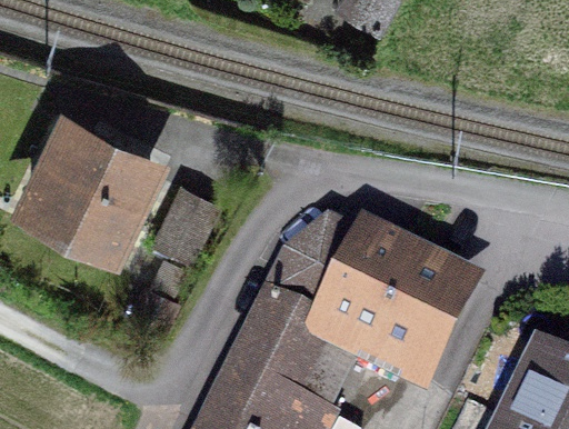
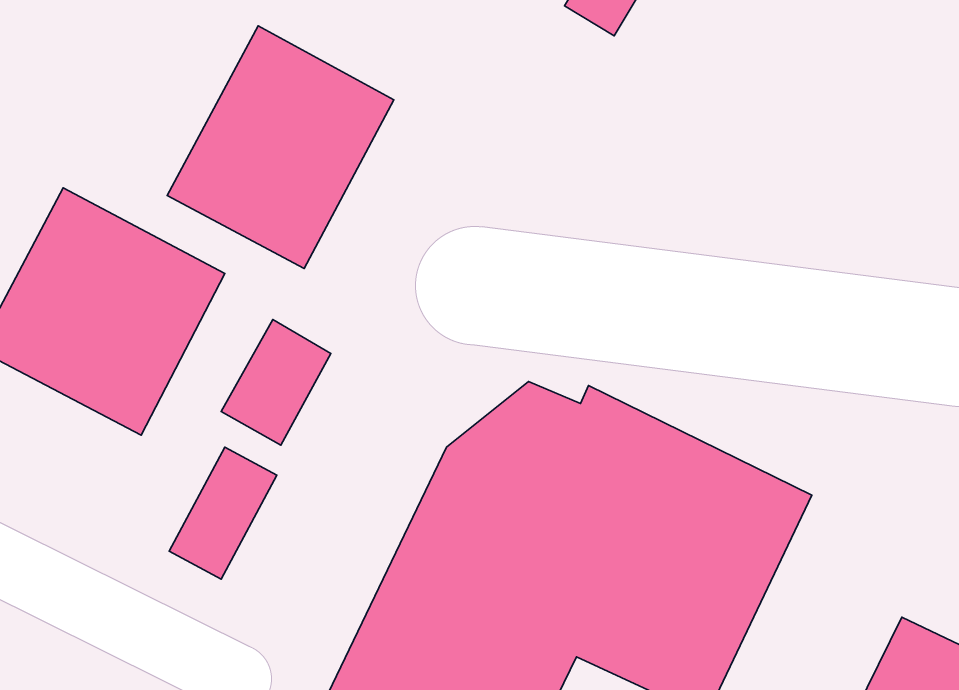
building: none -> [167,26,394,268]

